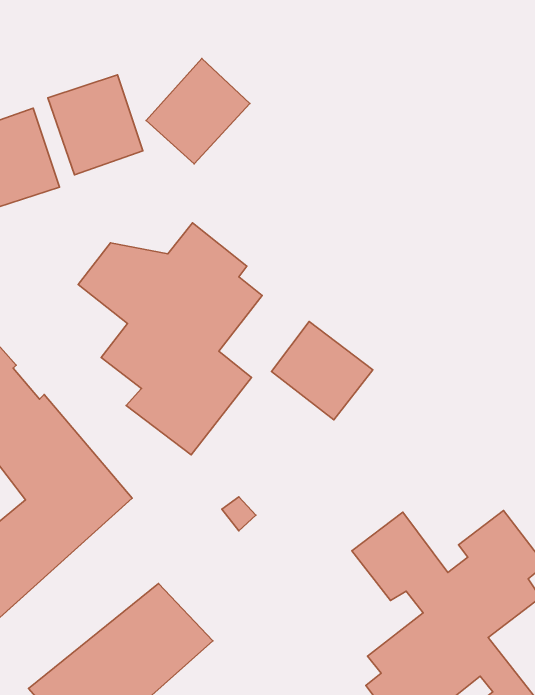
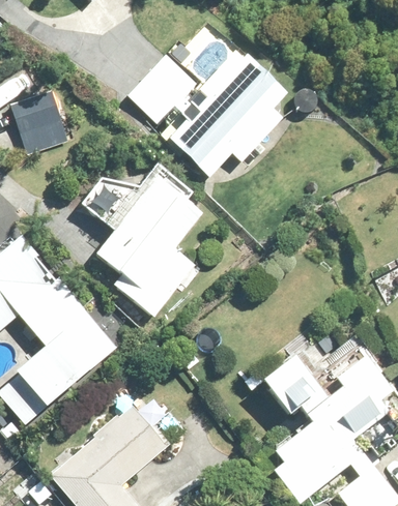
building: none -> [168,55,288,178]
building: [48,75,143,175] -> none
building: [272,321,373,420] -> none

